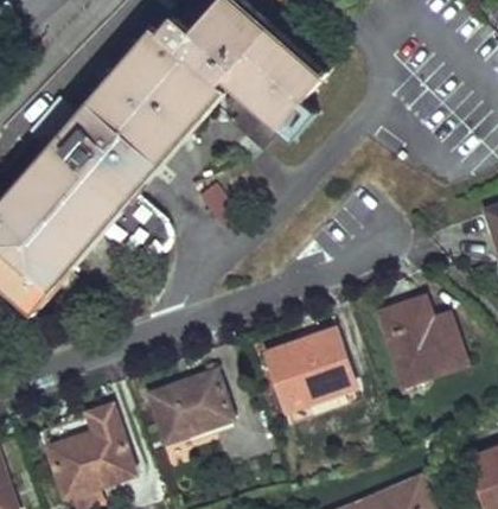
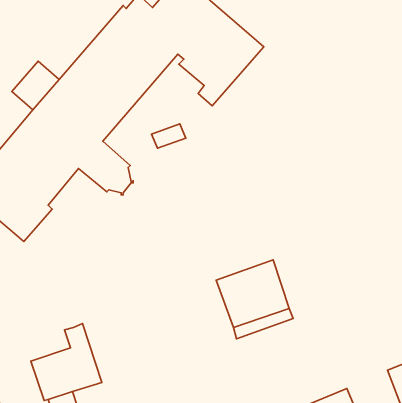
building: [381,297,464,380] -> none
building: [149,371,229,437] -> none

